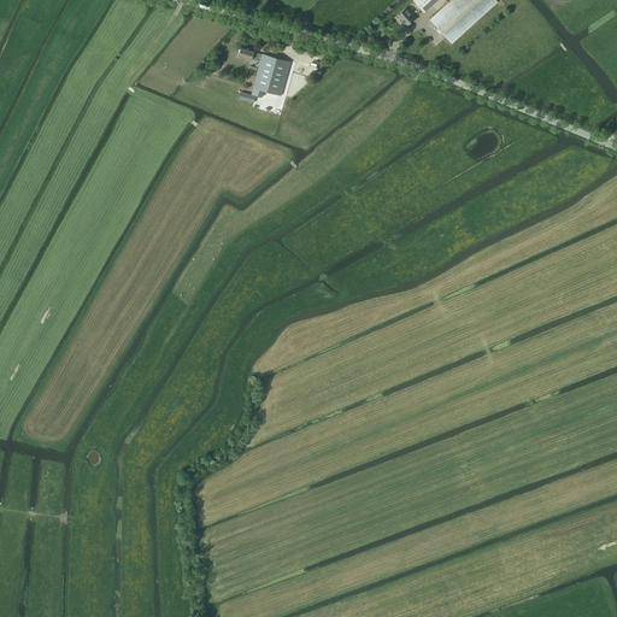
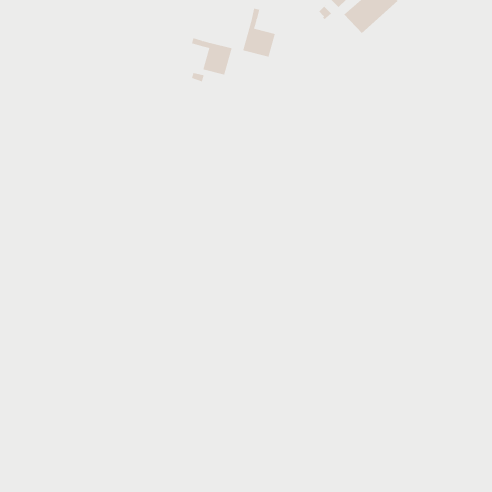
building: none -> [242,8,275,57]

